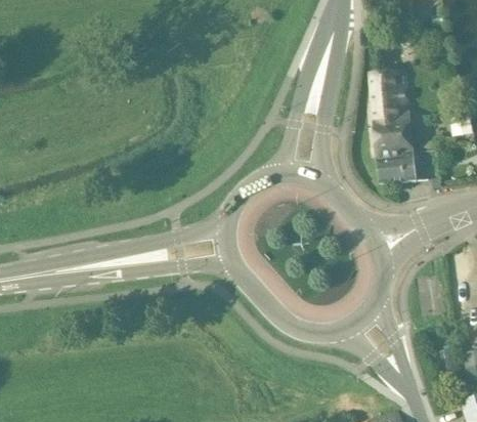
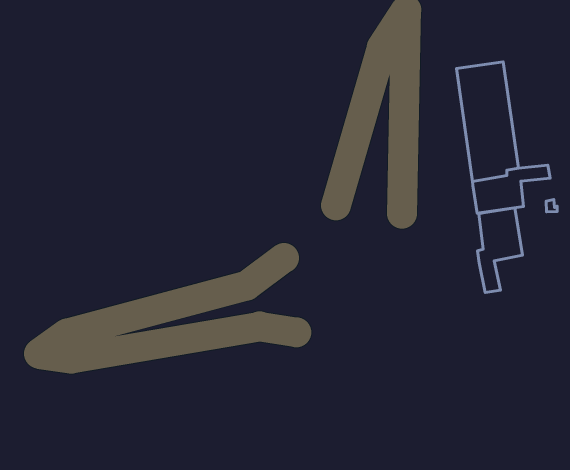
building: none -> [477,208,522,292]

